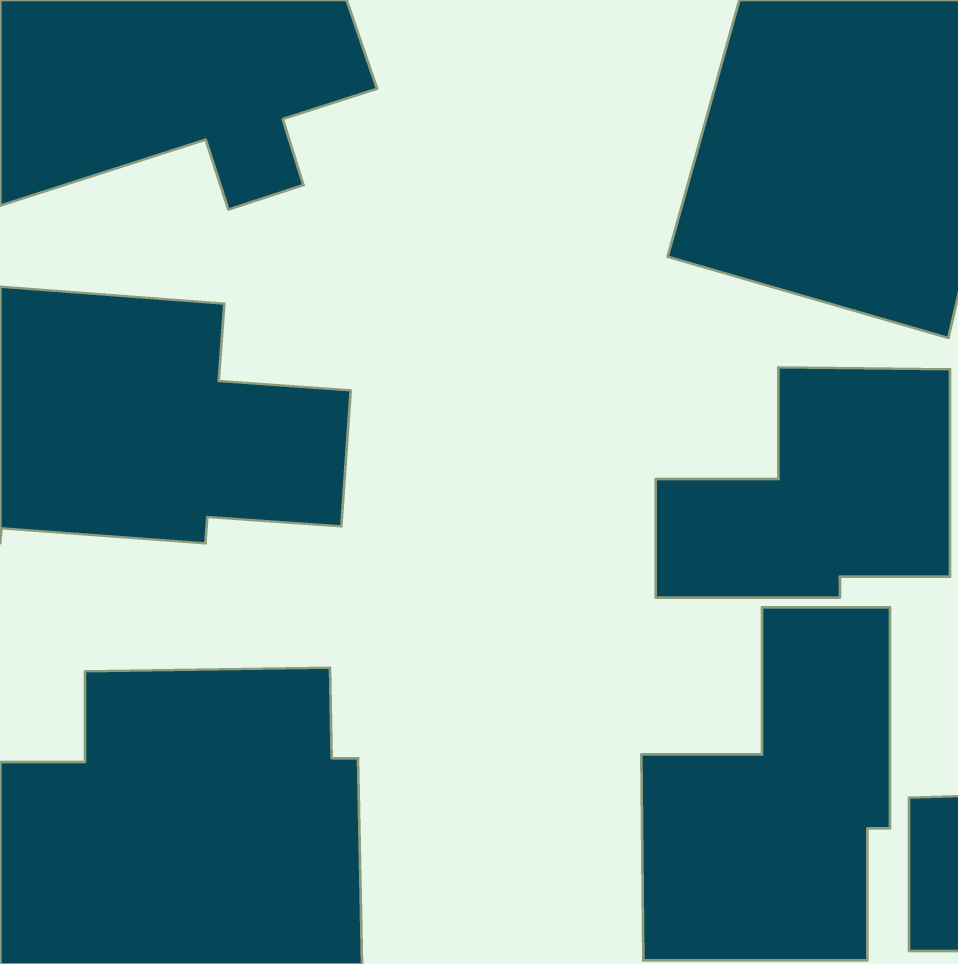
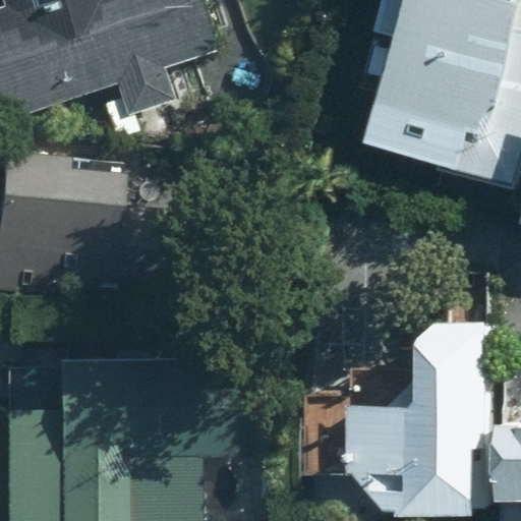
building: [656,367,950,598] -> none

